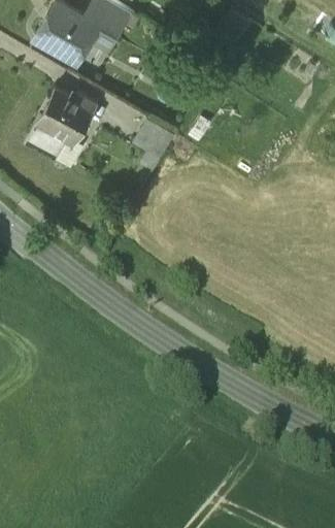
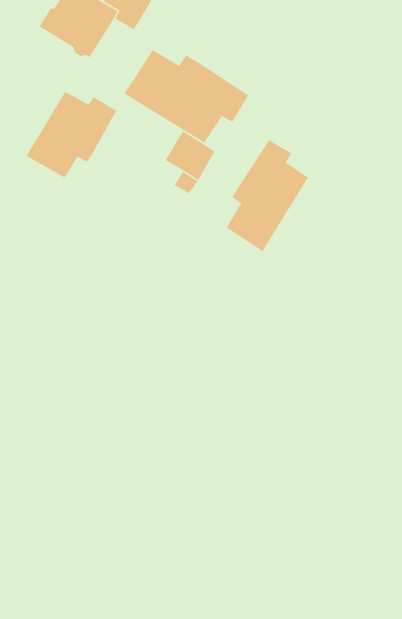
building: none -> [123,49,249,144]
building: none -> [226,139,309,252]

